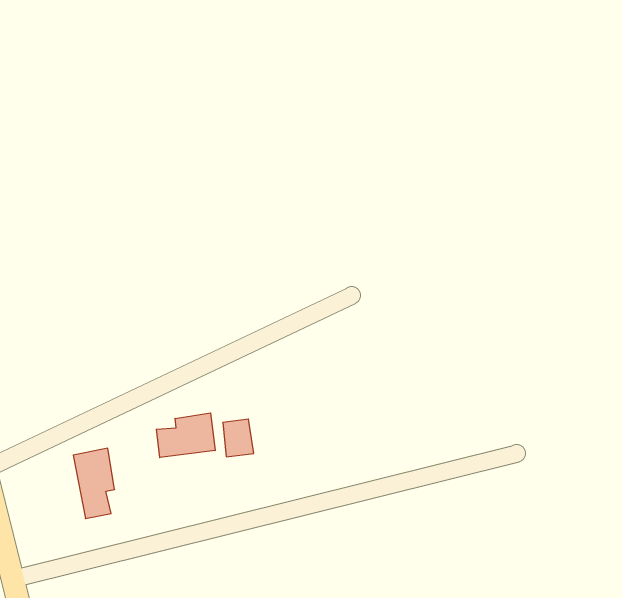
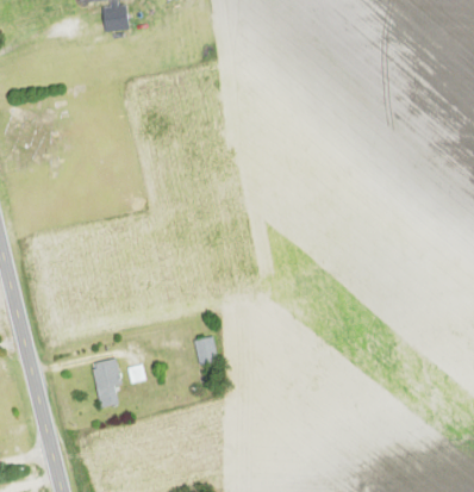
building: [156,413,215,458] -> none

